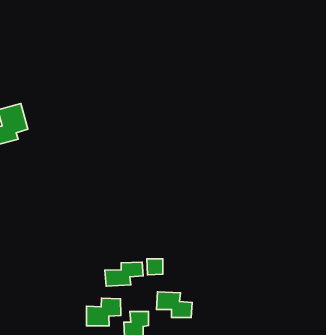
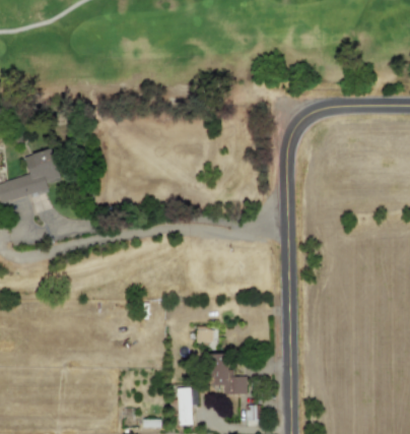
building: [105,262,143,286] -> none
building: [86,298,121,326] -> none

